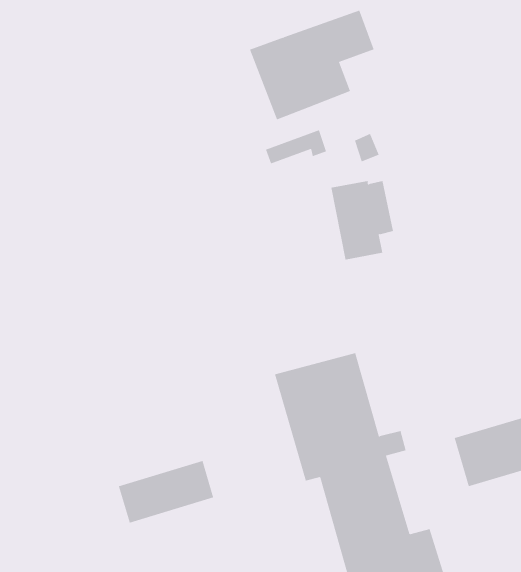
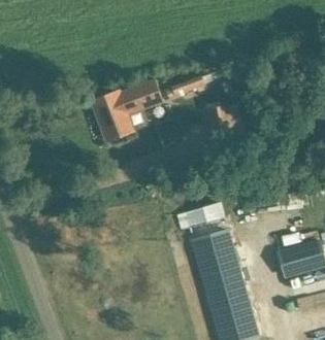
building: [249,10,374,120] -> [90,78,161,141]
building: [118,460,214,523] -> none

